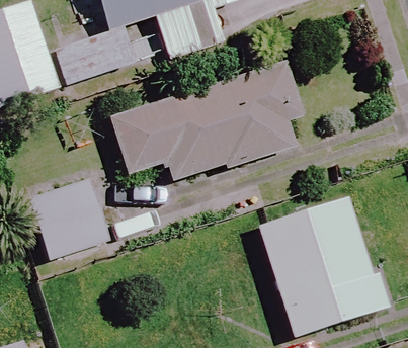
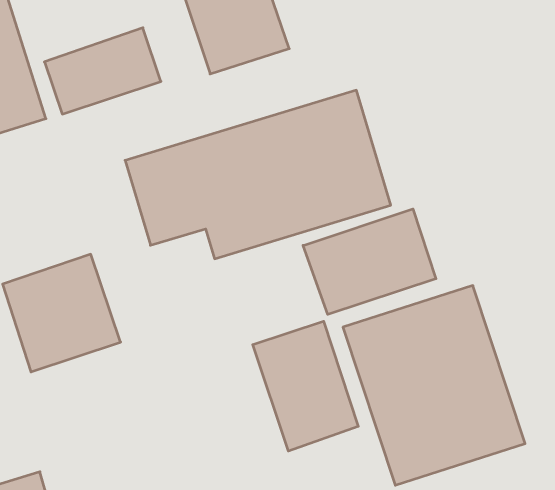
building: none -> [303,209,436,314]
building: none -> [253,321,358,451]

